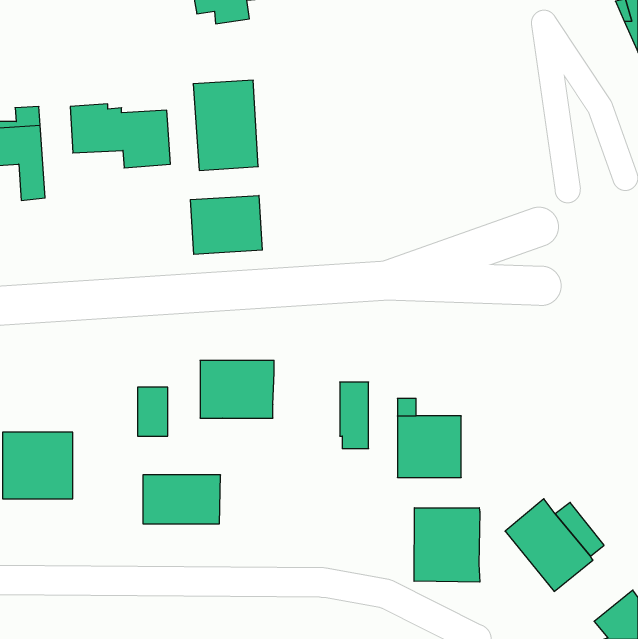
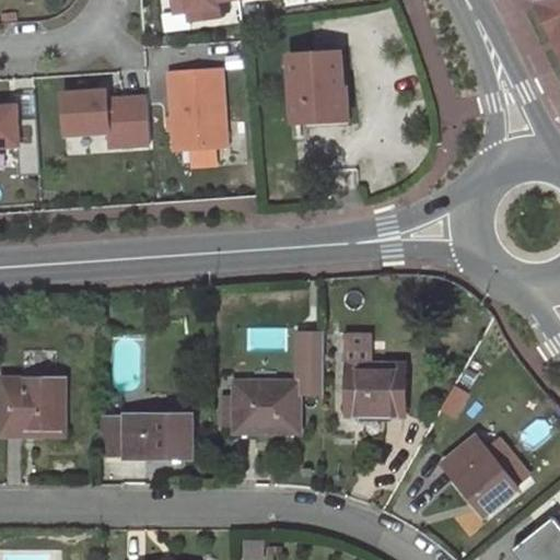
building: none -> [291,52,343,118]
building: [190,195,262,254] -> none
building: [200,360,274,418] -> [234,381,299,431]
building: [138,387,168,436] -> [98,415,125,457]
building: [414,508,480,582] -> none

